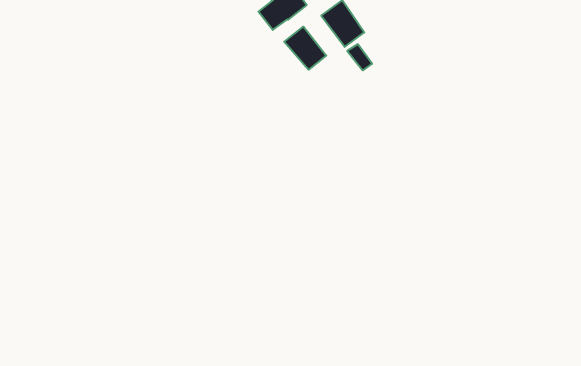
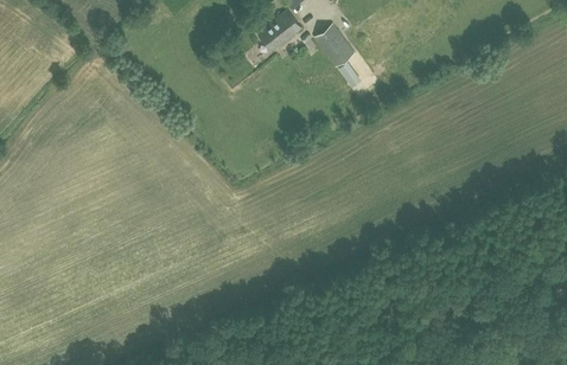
building: [284,27,326,70] -> none

